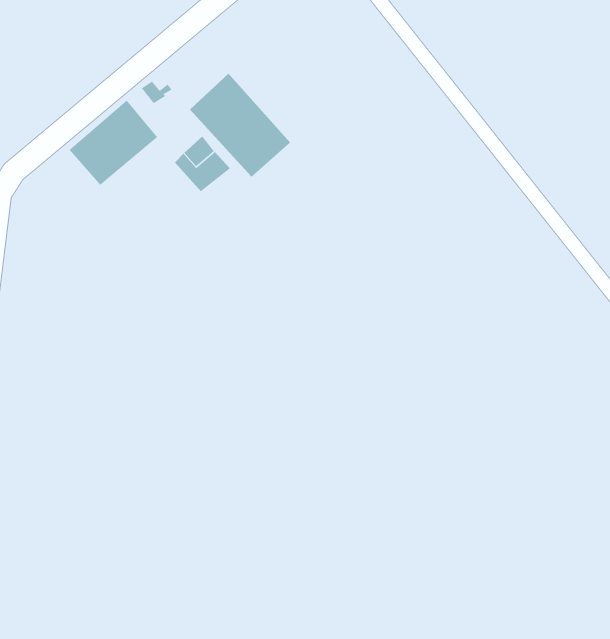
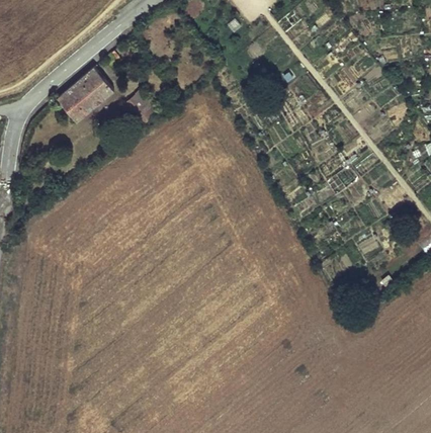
building: [189,73,291,177] -> none

